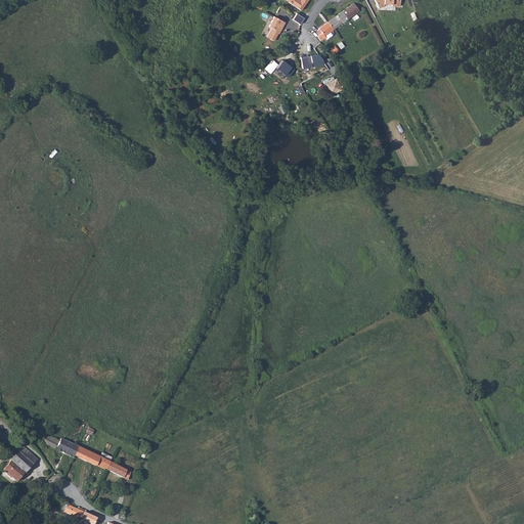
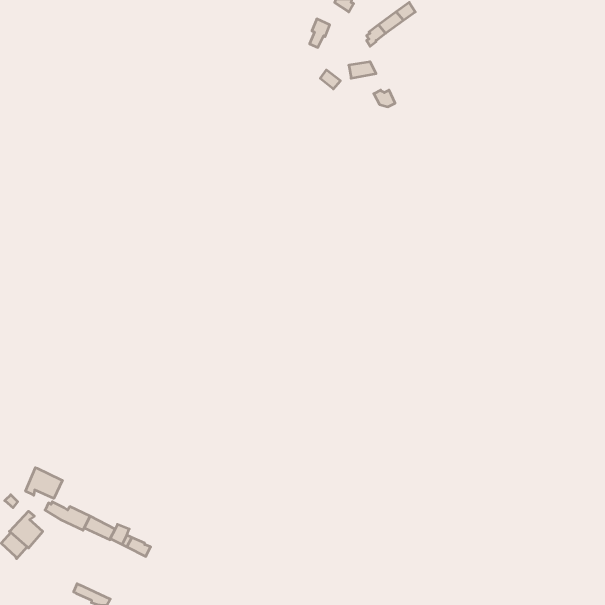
building: none -> [26,468,62,498]

